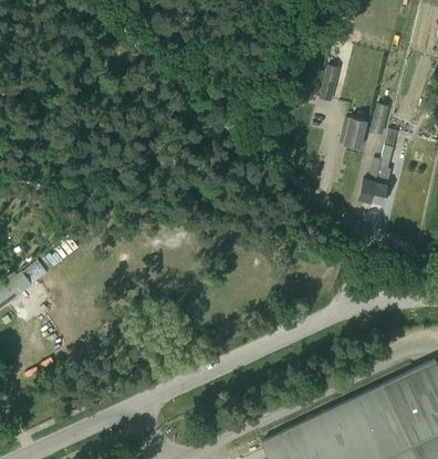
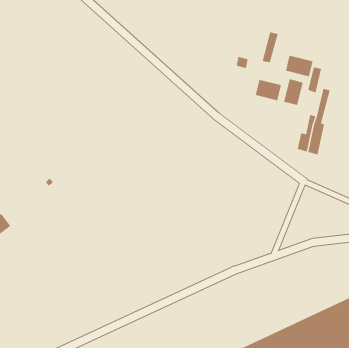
building: none -> [286,55,313,77]
building: none -> [255,79,282,101]

